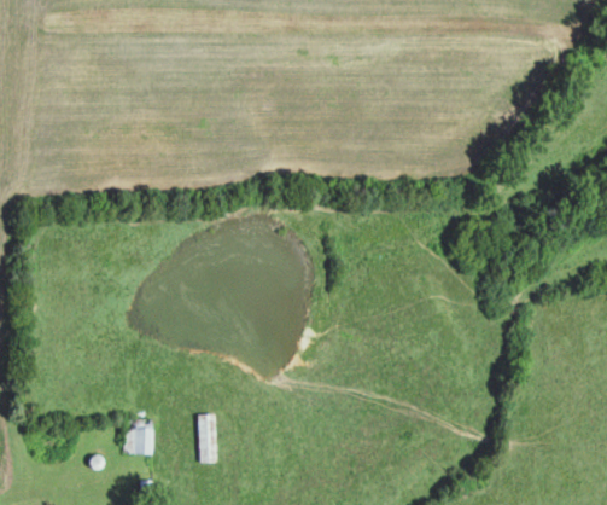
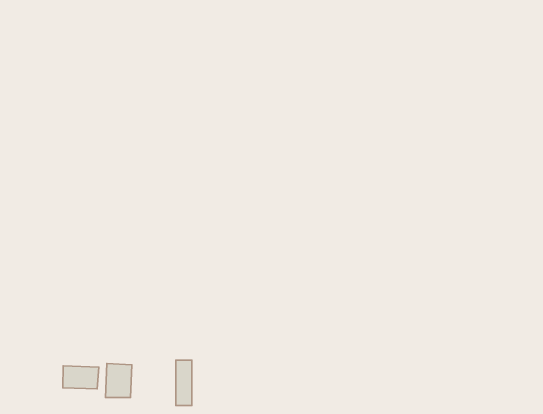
building: none -> [63,366,99,389]

